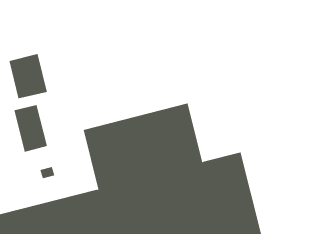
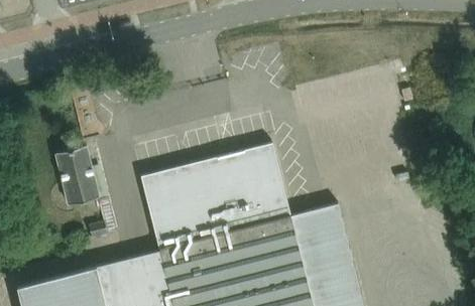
building: [9,53,47,99] -> none

